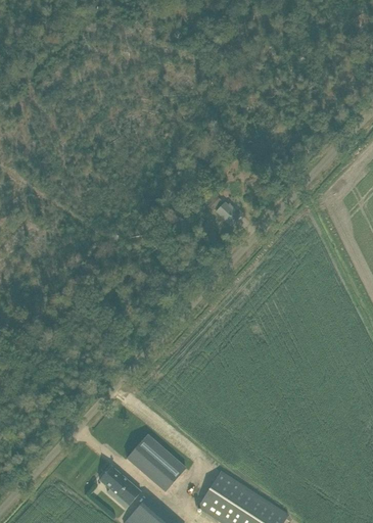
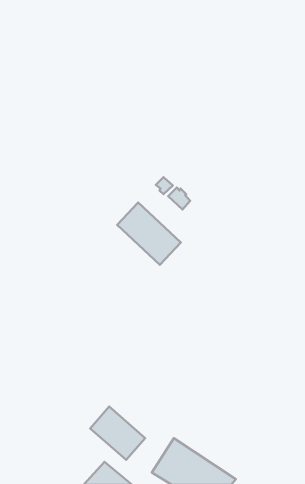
building: none -> [117,202,181,265]
building: [98,466,140,509] -> none

